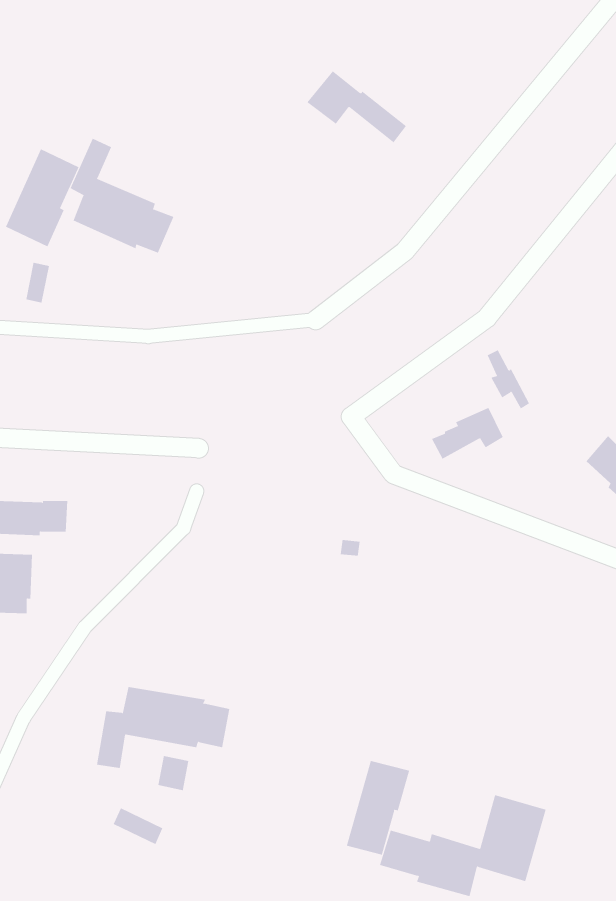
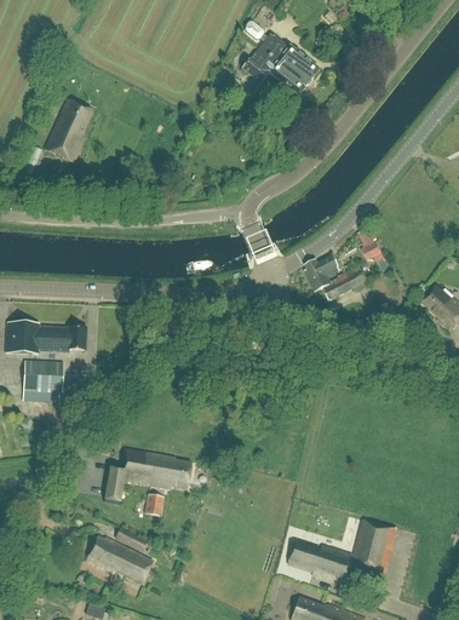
building: none -> [243,22,317,84]
building: [70,138,174,254] -> none
building: none -> [304,256,339,291]
building: [346,760,410,855] -> none
building: none -> [84,535,151,582]

